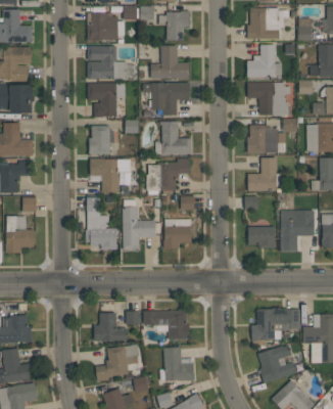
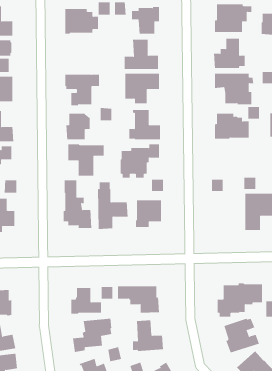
building: [88,46,129,80] -> none
building: [248,158,281,191] -> none
building: [248,227,276,248] -> none

